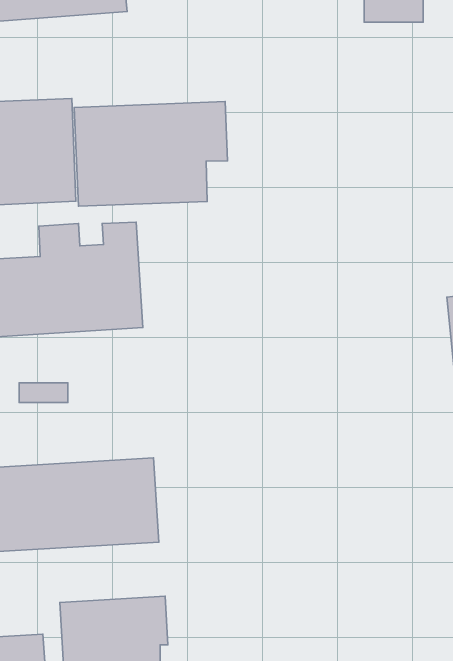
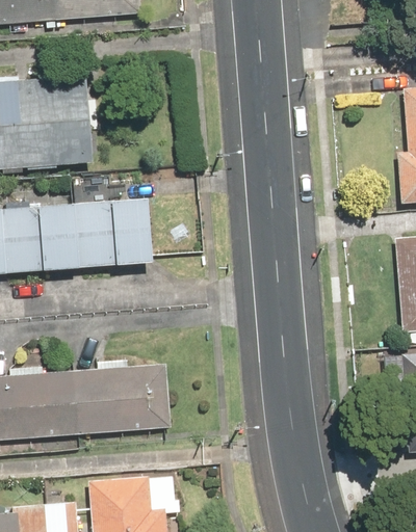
building: [74,101,228,206] -> none

